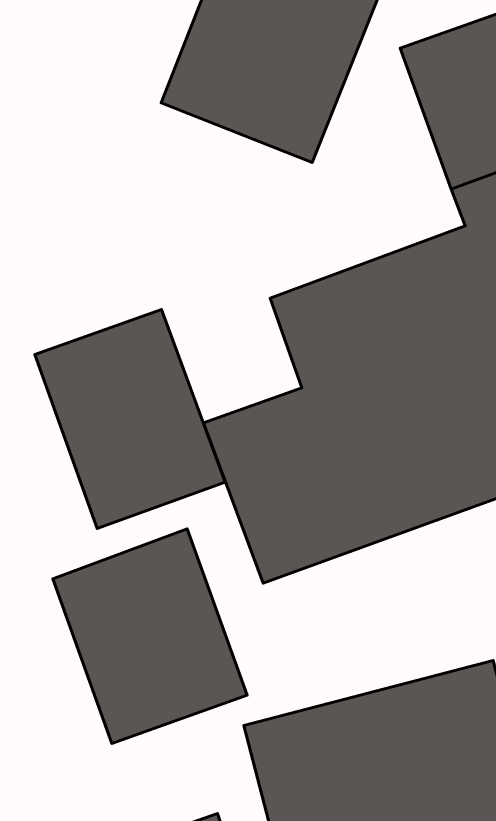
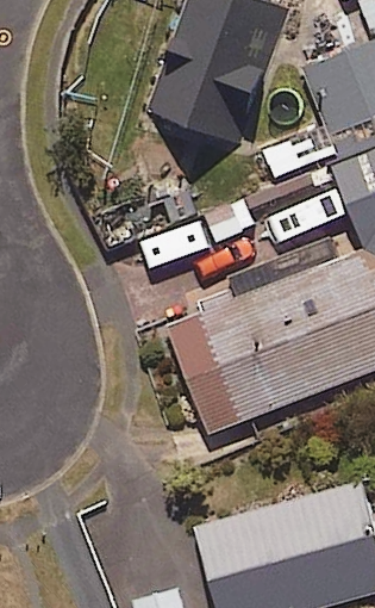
building: [35,309,225,529] -> none
building: [53,529,247,743] -> none

